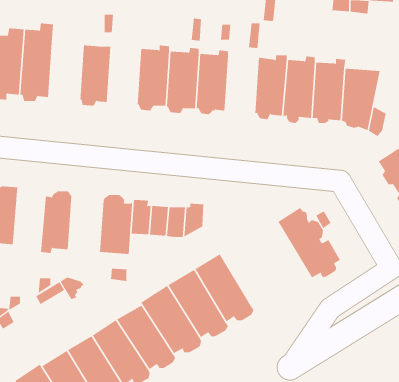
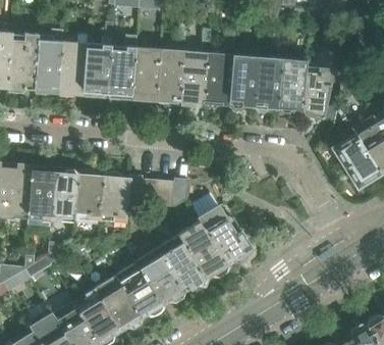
building: none -> [106,37,134,100]
building: none -> [57,45,86,96]
building: none -> [204,53,231,108]
building: none -> [26,165,54,228]
building: none -> [73,169,102,219]
building: [277,207,341,278] -> [198,205,251,264]

